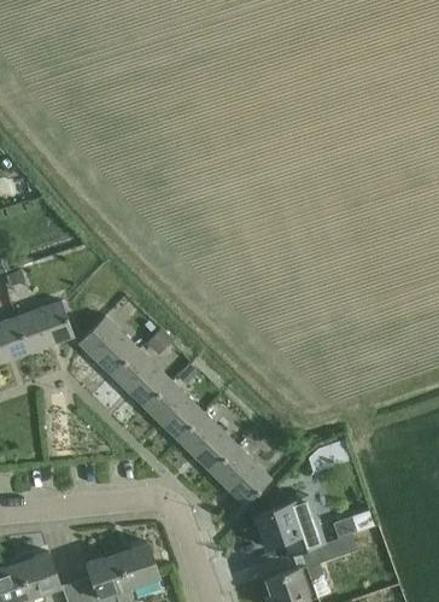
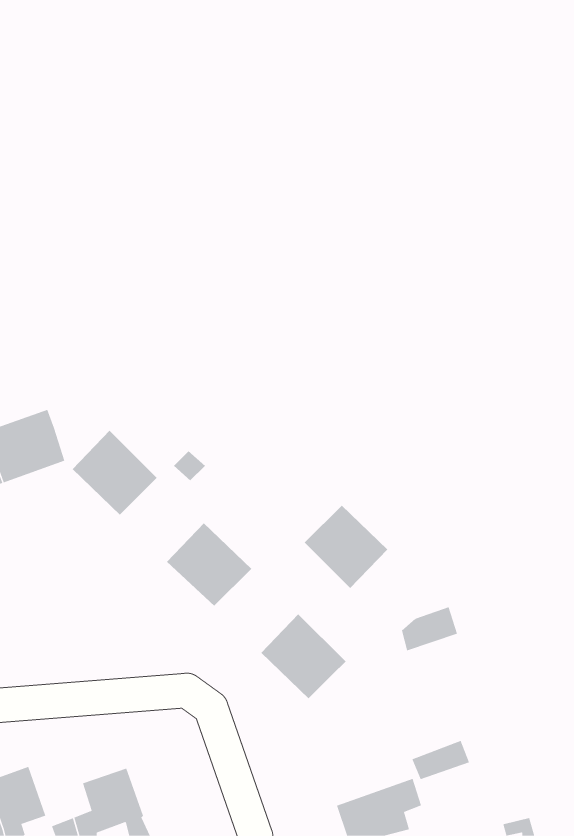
building: [111,349,170,408] -> none
building: [177,413,236,472] -> [304,505,388,589]
building: [253,502,323,550] -> none
building: [116,542,157,586] -> none

